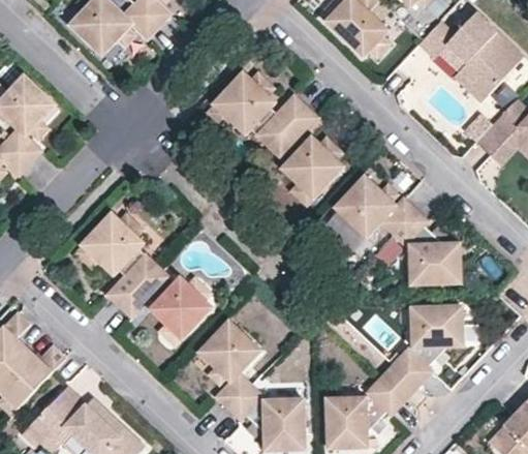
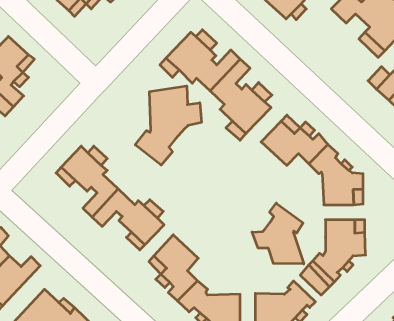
building: none -> [135,86,201,165]
building: none -> [252,203,304,264]

